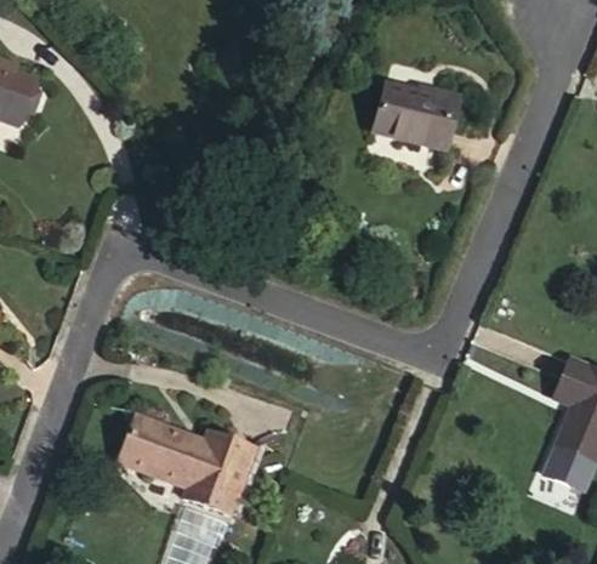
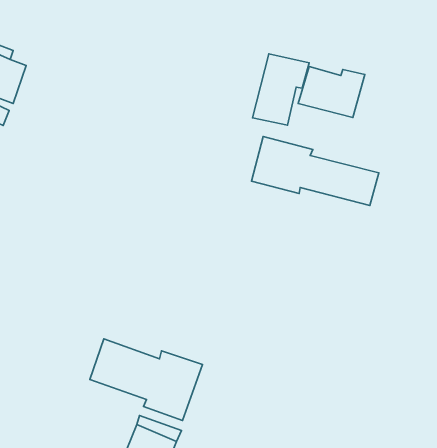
building: none -> [253,54,309,125]
building: none -> [252,136,379,205]

